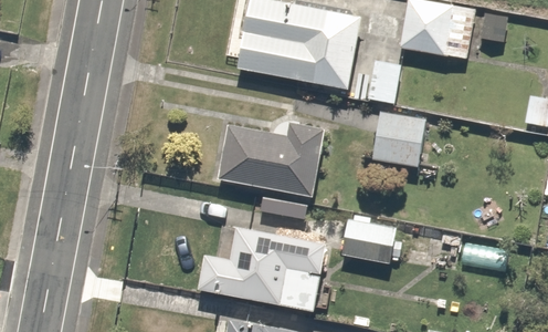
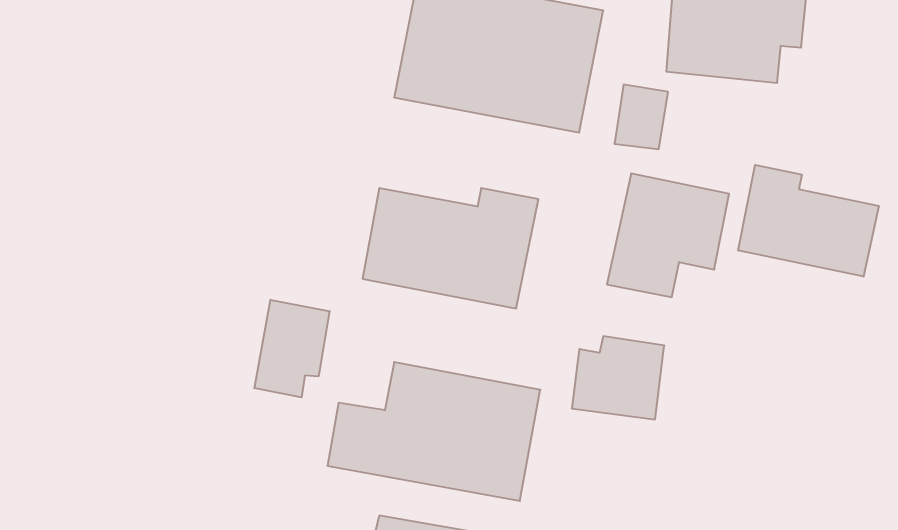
building: none -> [738,165,879,277]
building: none -> [254,300,329,397]

